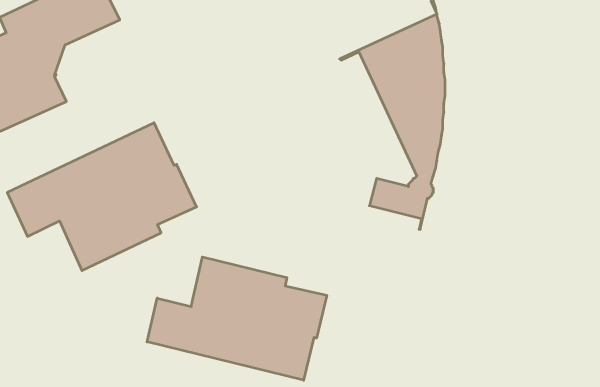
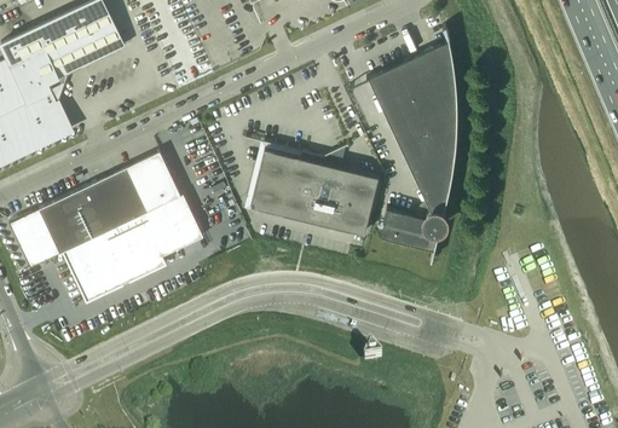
building: none -> [246,138,379,235]
building: [147,257,327,380] -> none

